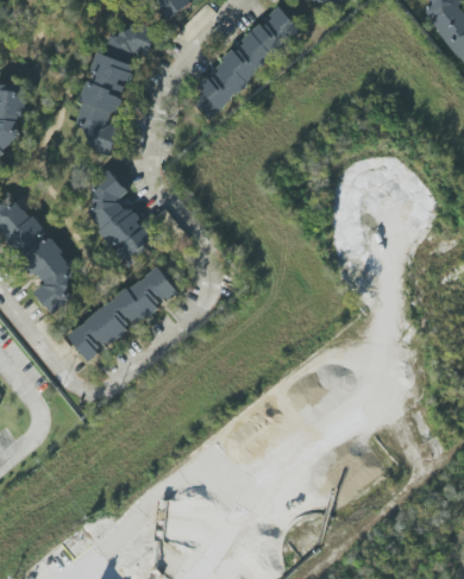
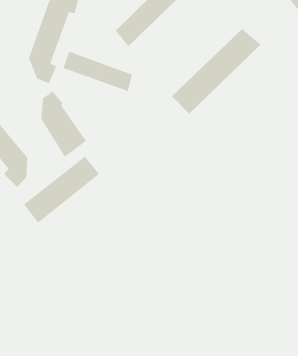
building: none -> [171,28,261,115]
building: none -> [63,51,132,92]

